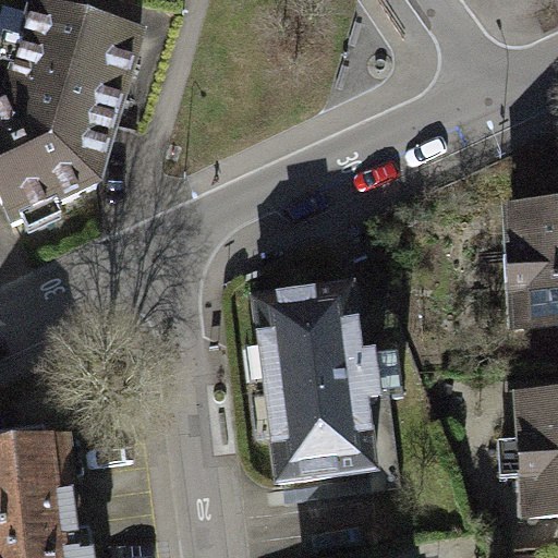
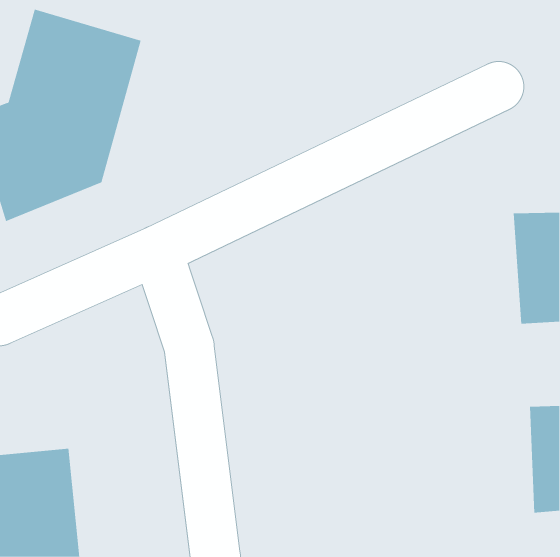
building: [254,287,403,476] -> none

